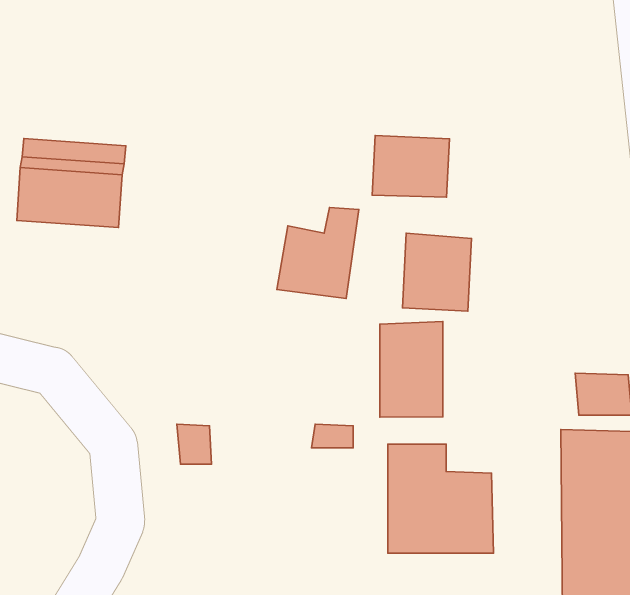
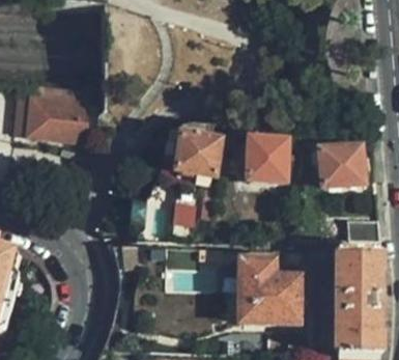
building: [372,135,449,197] -> none
building: none -> [319,146,361,187]
building: [380,321,443,417] -> none

